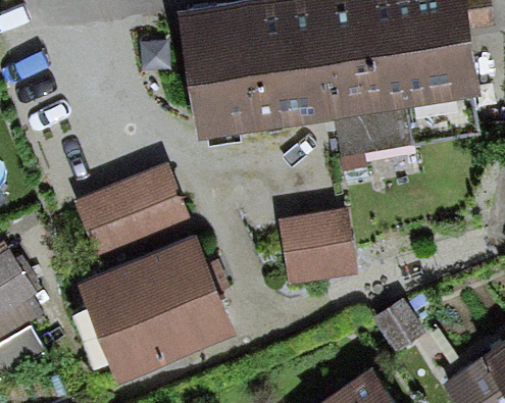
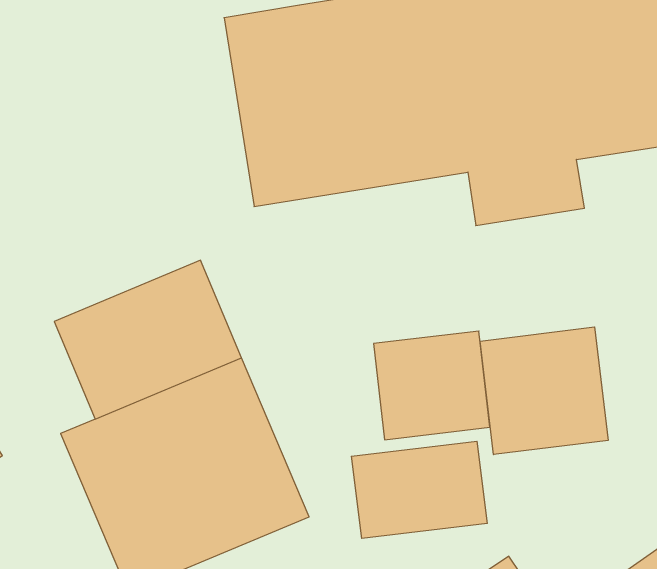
building: none -> [480,327,608,455]
building: none -> [351,441,487,538]

